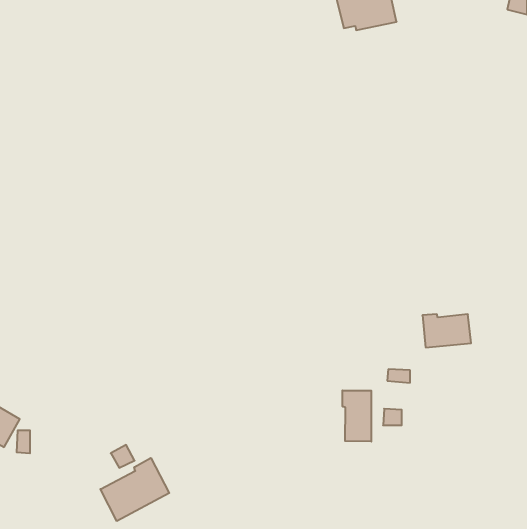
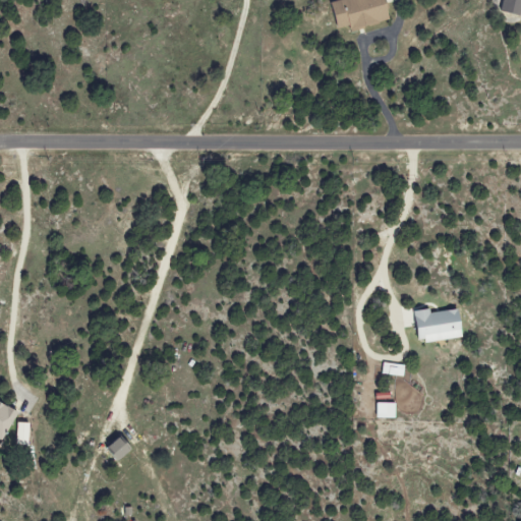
building: [342,390,371,442] -> none
building: [100,458,169,521] -> none

